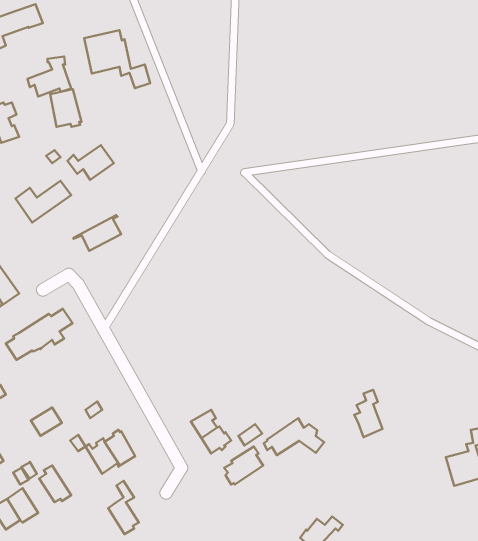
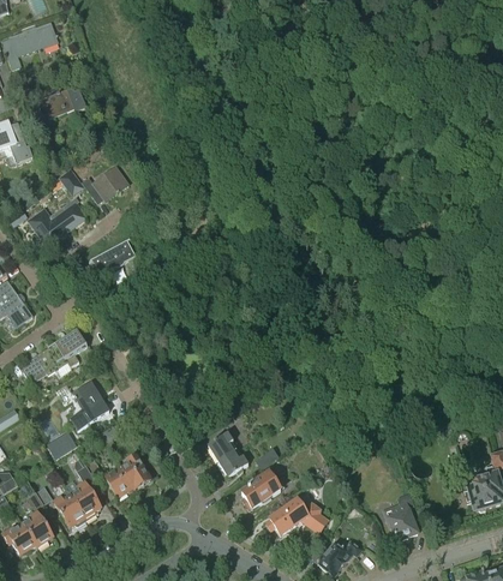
building: [84,30,150,88] -> none
building: [50,89,81,127] -> none
building: none -> [68,382,108,430]
building: [354,390,383,437] -> [388,493,417,541]
building: [264,418,324,455] -> [265,497,327,534]
building: [108,481,139,534] -> [68,466,100,520]

